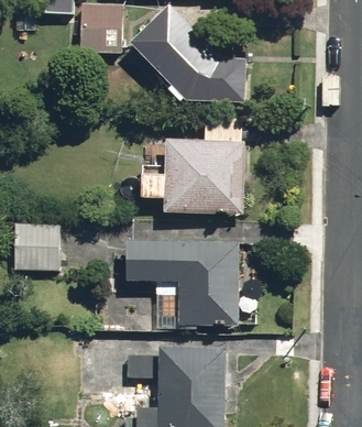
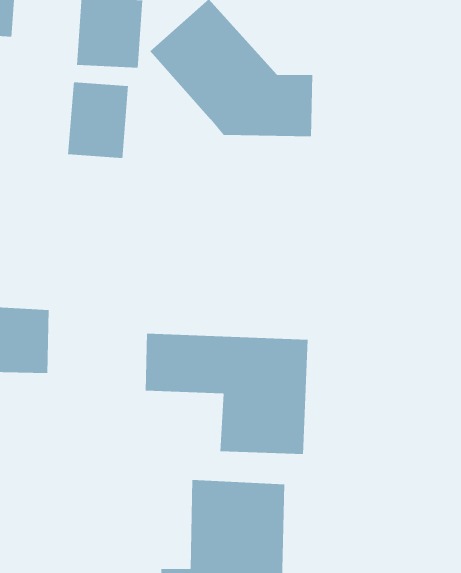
building: none -> [67,82,129,159]
building: [142,116,243,215] -> none

